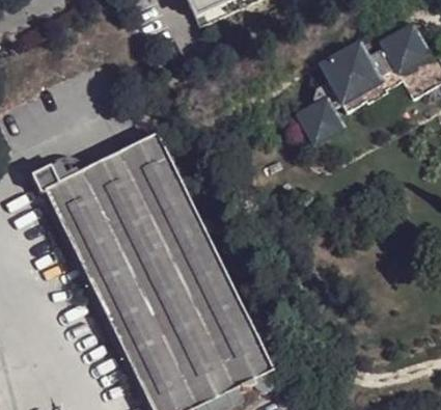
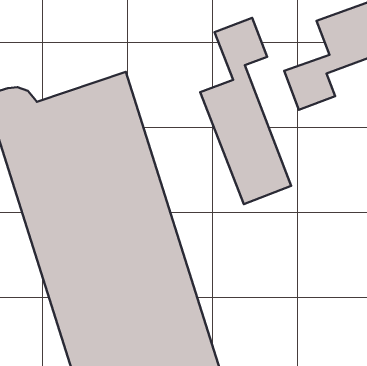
building: none -> [200,18,291,204]

